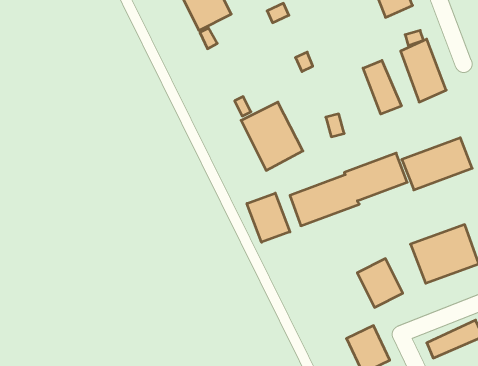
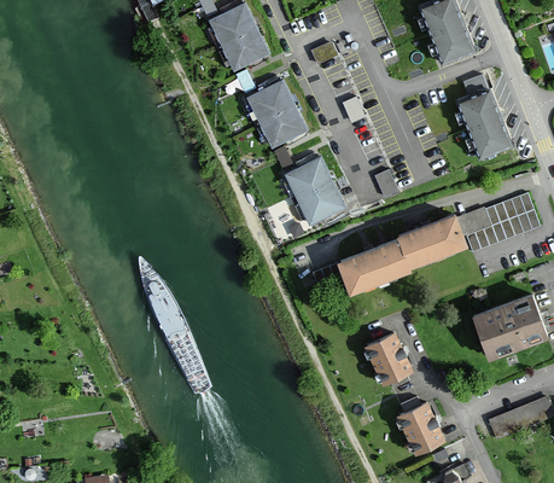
building: none -> [246,81,308,151]
building: [363,60,401,114] -> none
building: [247,193,290,242] -> none
building: [357,259,403,307] -> [365,333,415,388]

